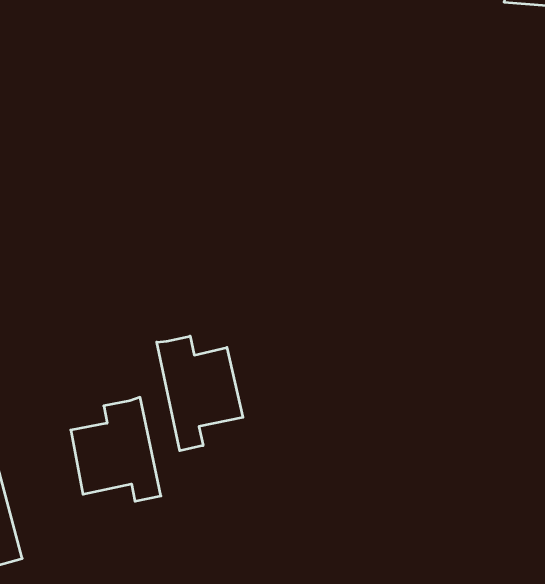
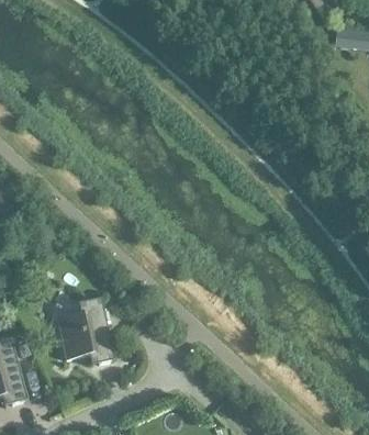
building: [157,336,243,451] -> none

